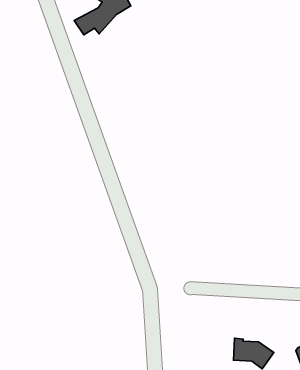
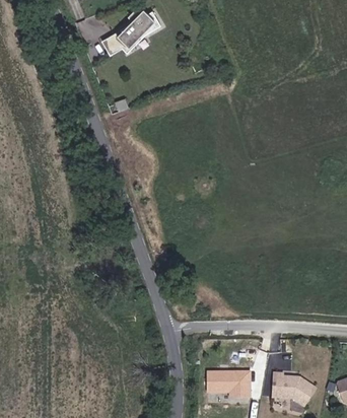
building: none -> [206,372,248,398]

